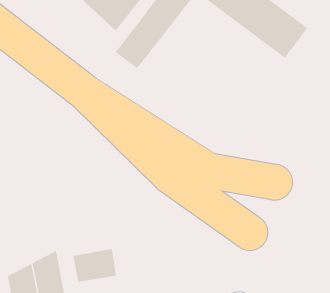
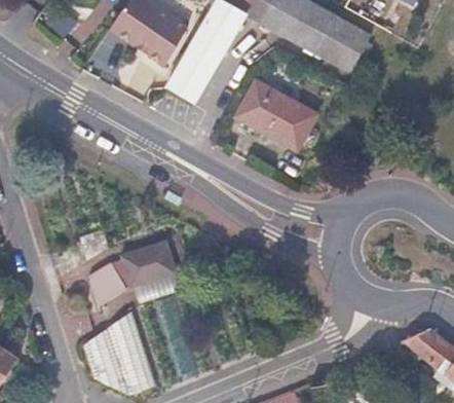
building: none -> [235,79,317,150]
building: none -> [88,262,127,306]
building: [73,249,117,282] -> [123,243,174,284]

